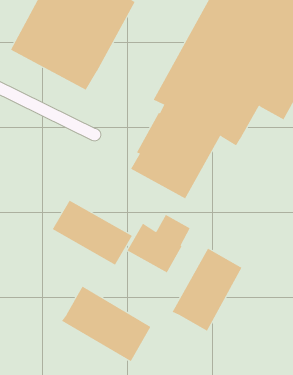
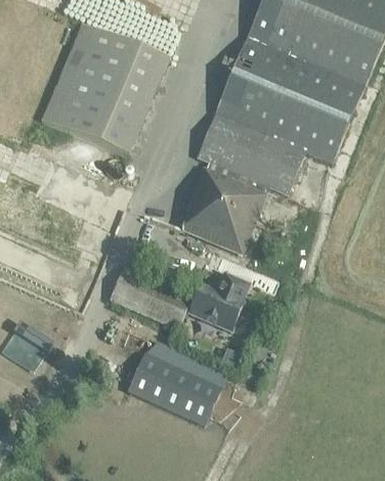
building: [172,248,242,331] -> none

